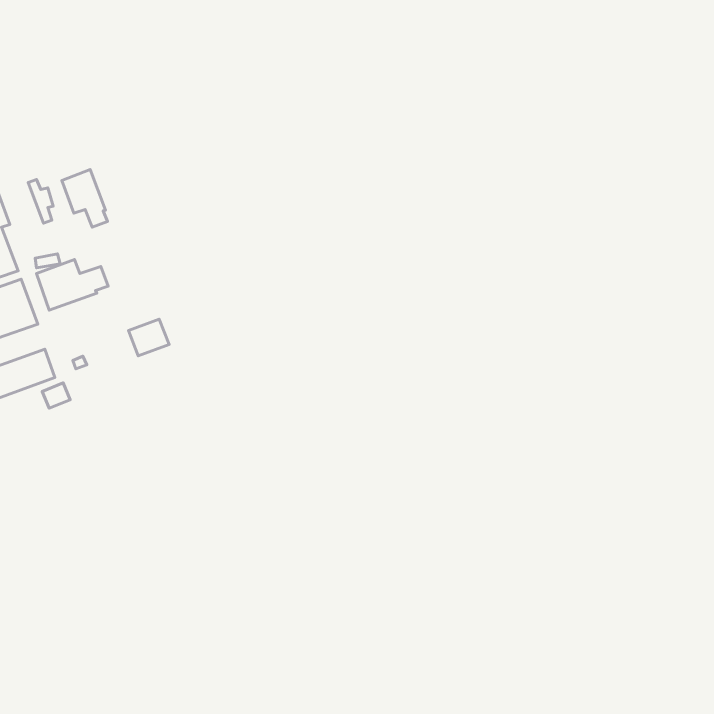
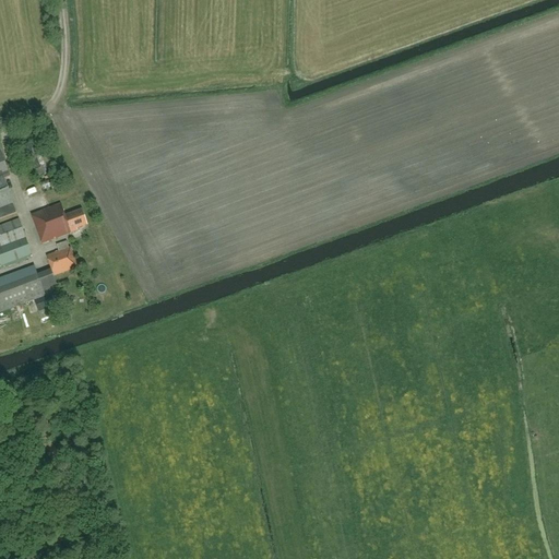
building: [62,170,107,227] -> none
building: [128,319,169,356] -> [44,245,75,273]

